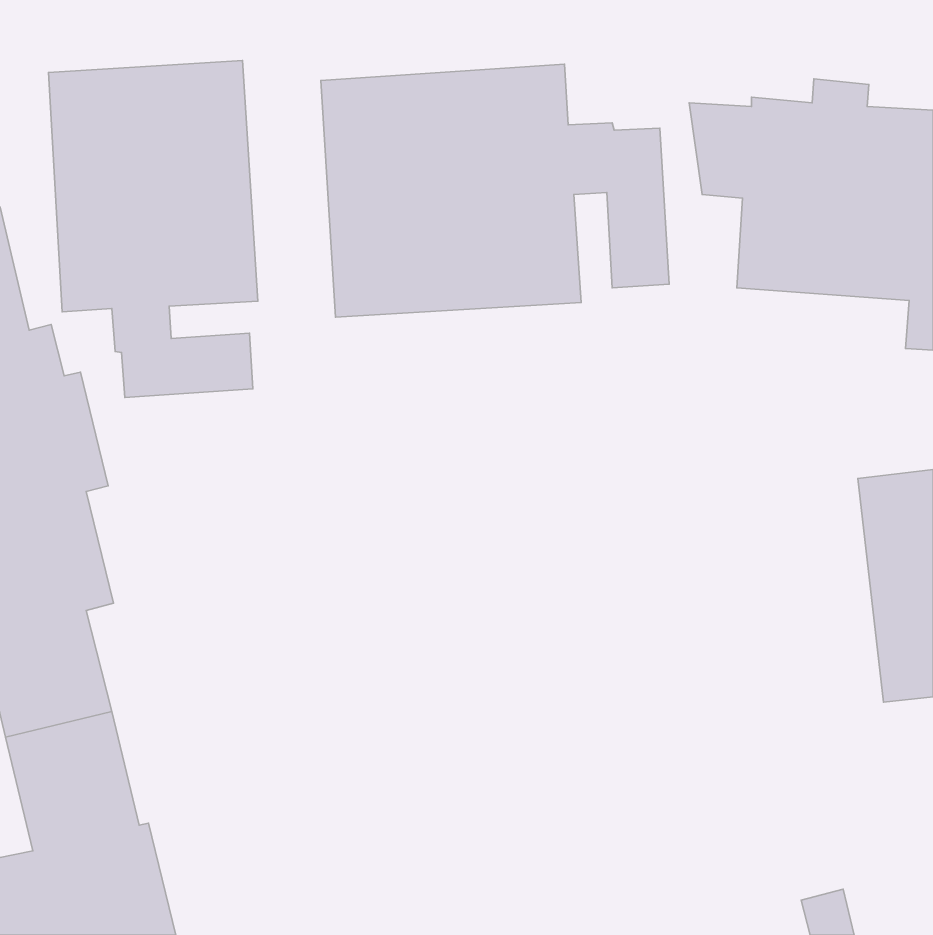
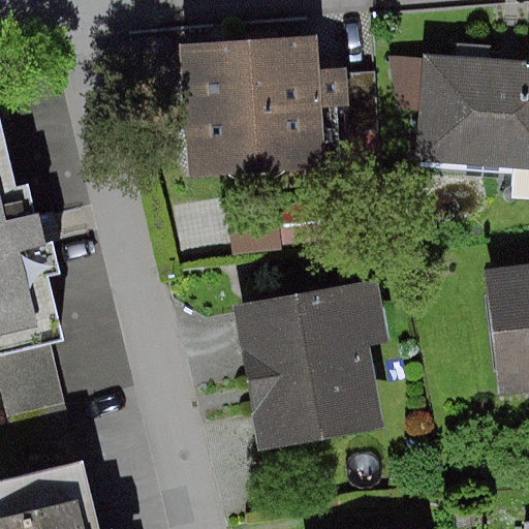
building: [48,60,258,397] -> none
building: none -> [234,279,390,450]

